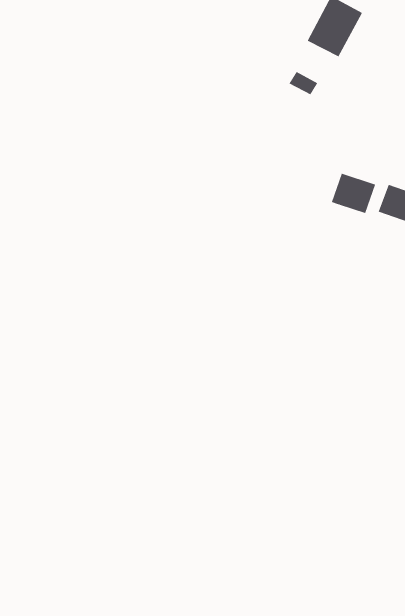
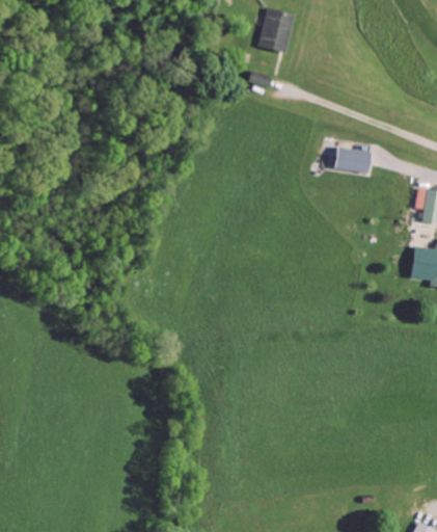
building: [331,173,376,214] -> none

